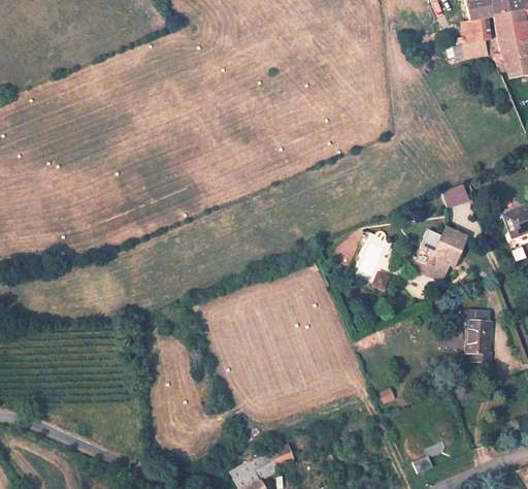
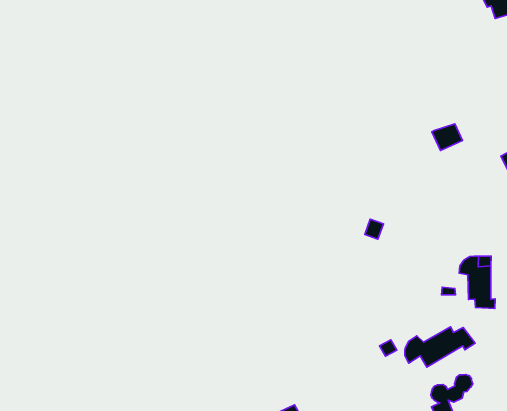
building: [412,224,468,280] -> none
building: none -> [405,327,475,367]

